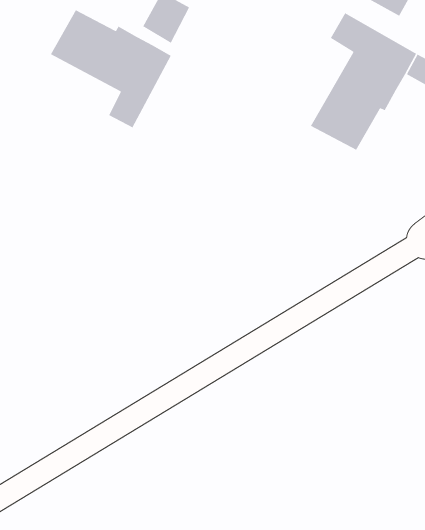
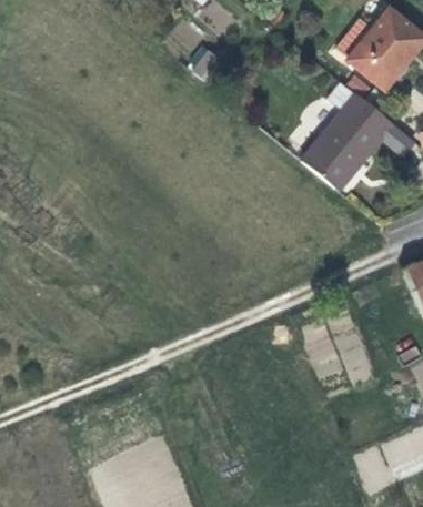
building: [50,9,172,128] -> none

